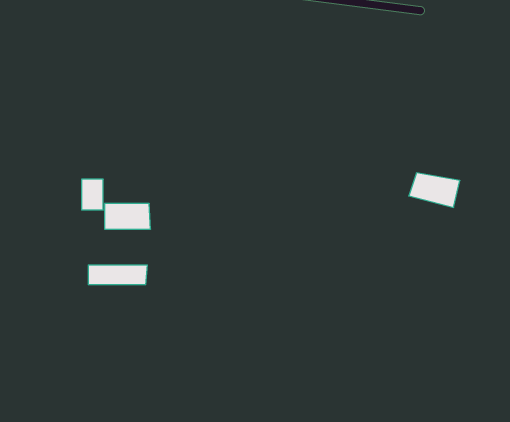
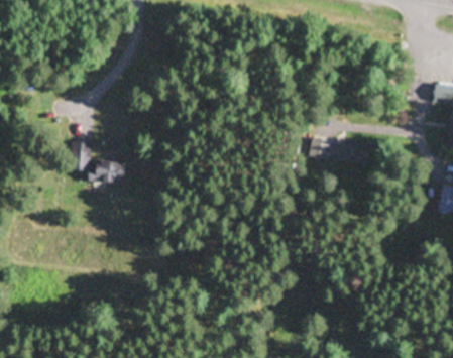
building: [88,265,147,285] -> none

